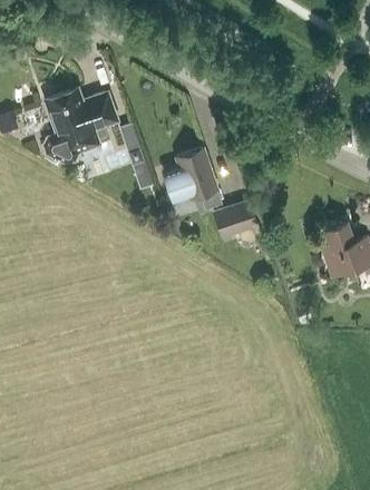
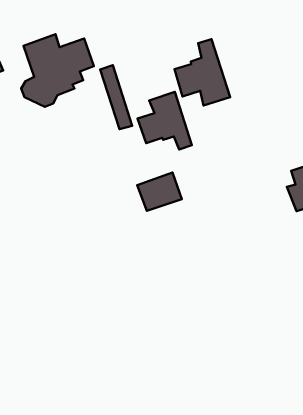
building: none -> [174,39,230,105]
building: [212,198,259,238] -> [137,173,182,211]

